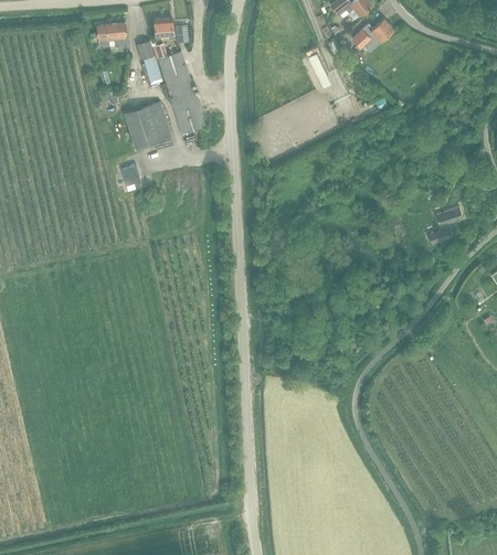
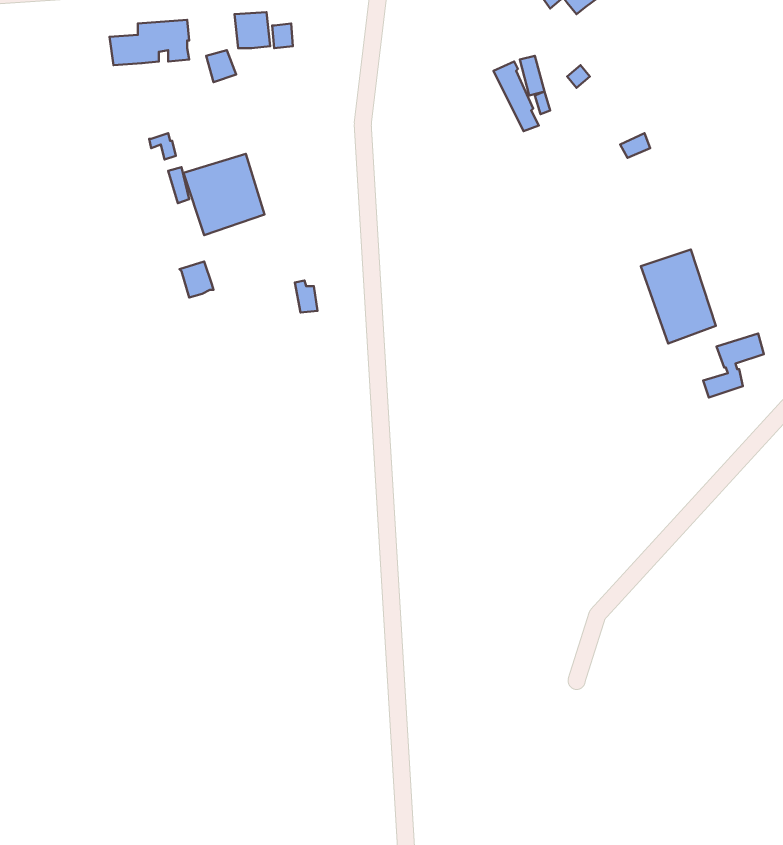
building: [351,19,394,49] -> none
building: [158,52,205,134] -> none
building: none -> [641,250,716,343]

